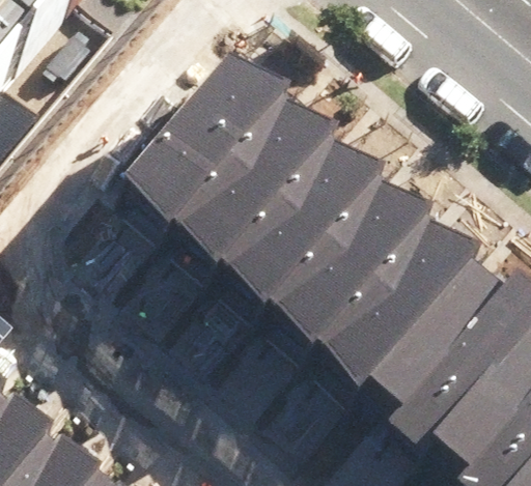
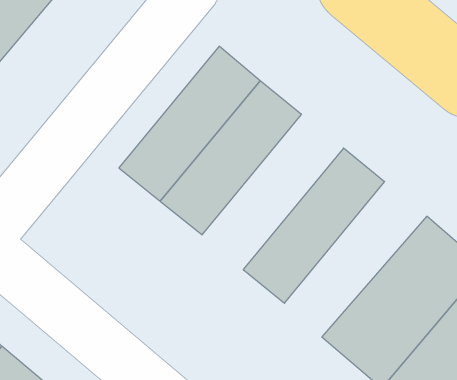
building: [235,142,392,314] -> none
building: [327,217,484,389] -> none

